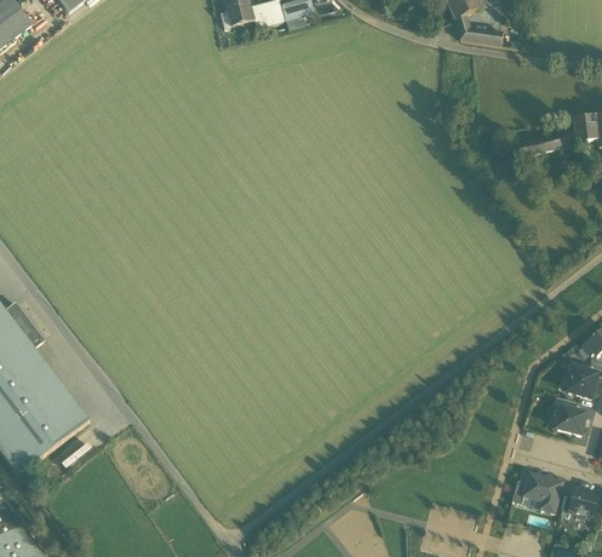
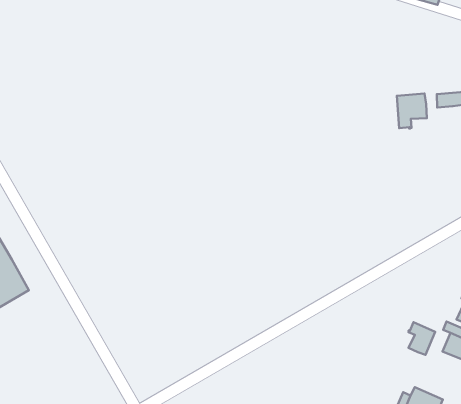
building: none -> [397,94,427,129]
building: none -> [408,322,435,355]

